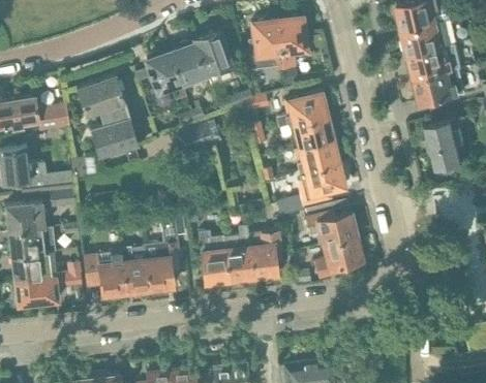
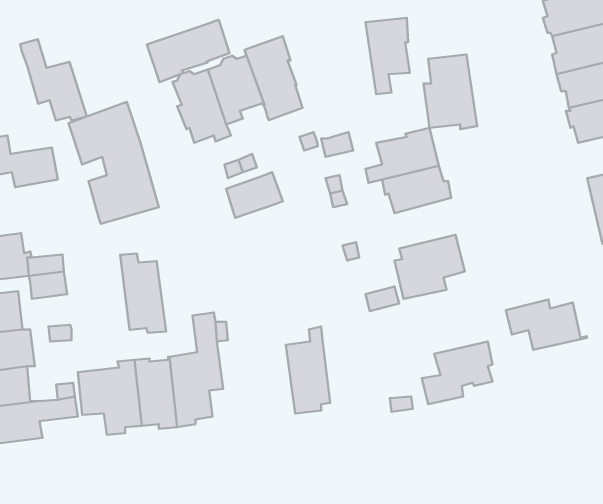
building: none -> [147,20,230,82]
building: [248,21,284,71] -> [424,54,477,129]
building: none -> [20,39,87,120]
building: [297,139,338,173] -> none
building: [305,211,360,245] -> [506,299,587,350]
building: [199,232,230,286] -> [120,253,166,333]
building: [248,232,281,278] -> none

